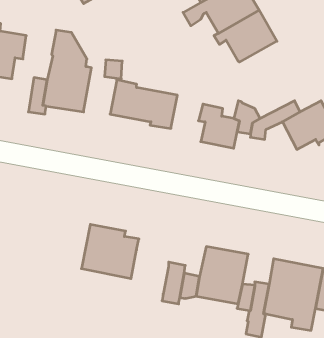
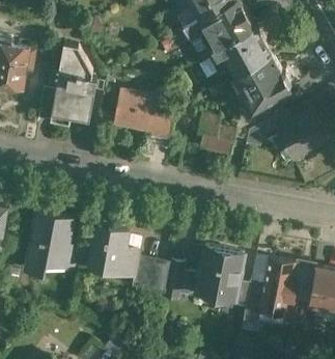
building: none -> [233,55,291,111]
building: none -> [26,216,80,276]
building: none -> [139,261,170,293]

